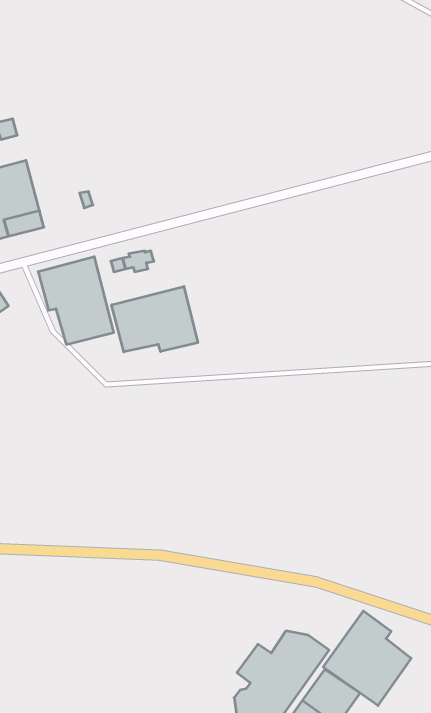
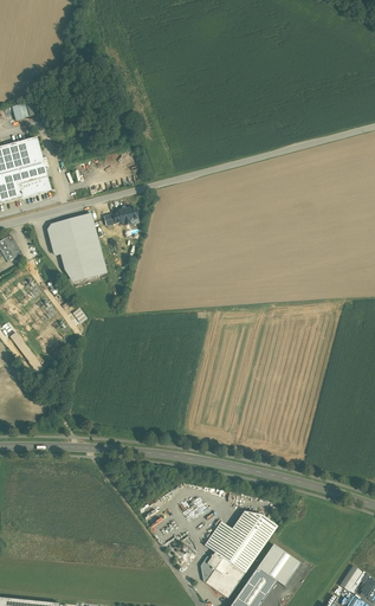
building: [112,286,198,352] -> none
building: [323,611,411,706] -> none

